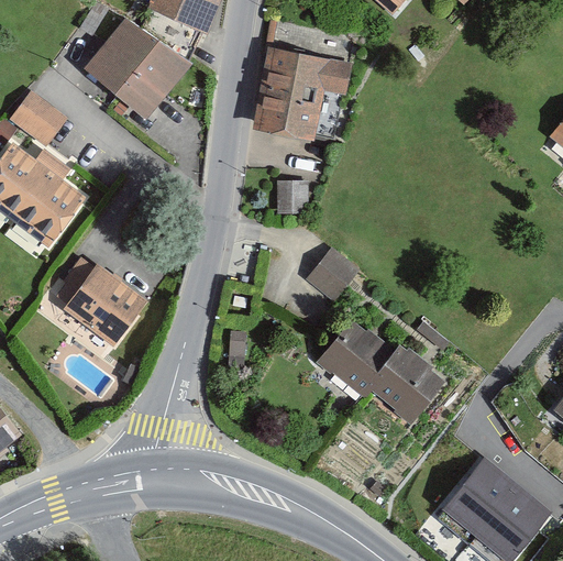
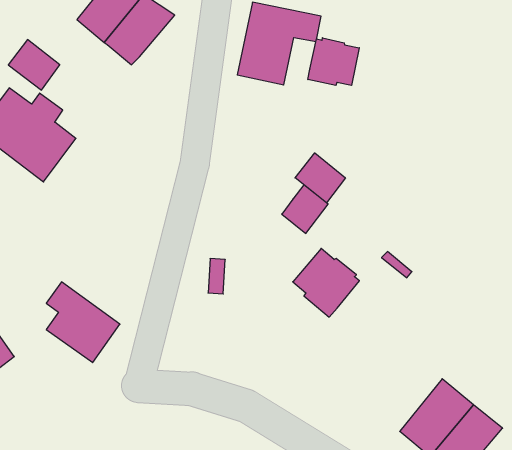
building: none -> [308,38,359,85]
building: [276,179,308,213] -> none
building: none -> [295,153,345,203]
building: [64,255,144,343] -> [46,282,120,363]
building: [368,344,442,416] -> none

